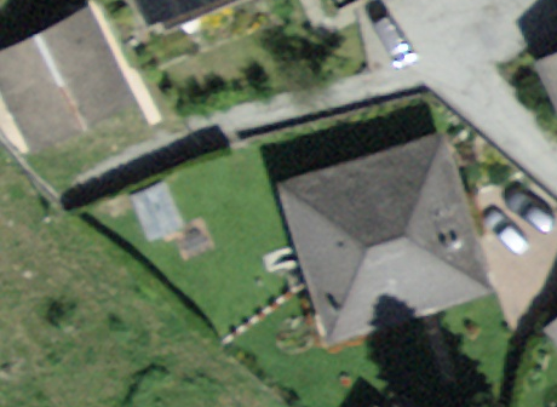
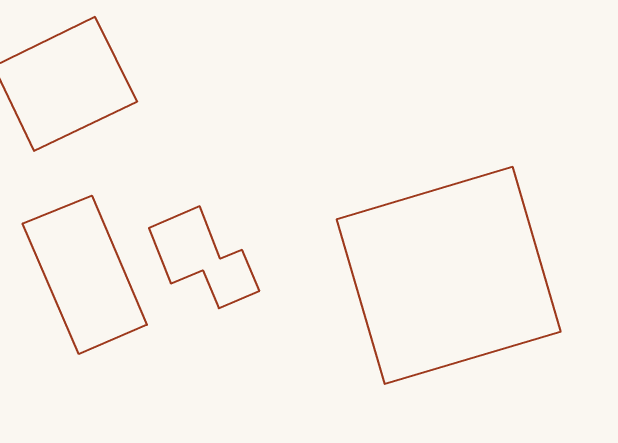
building: none -> [23,196,147,354]

